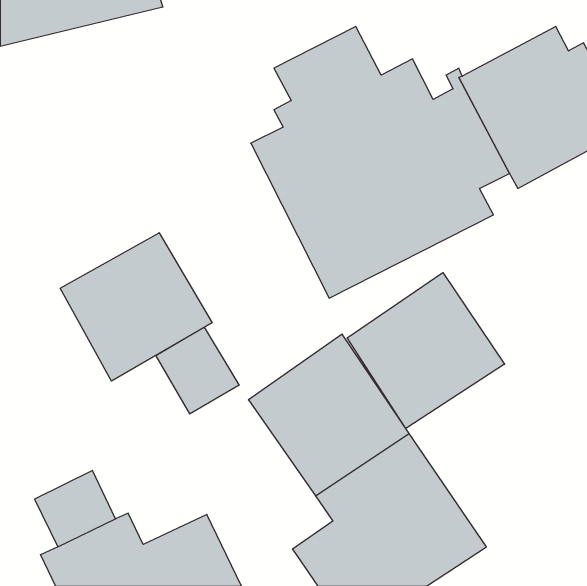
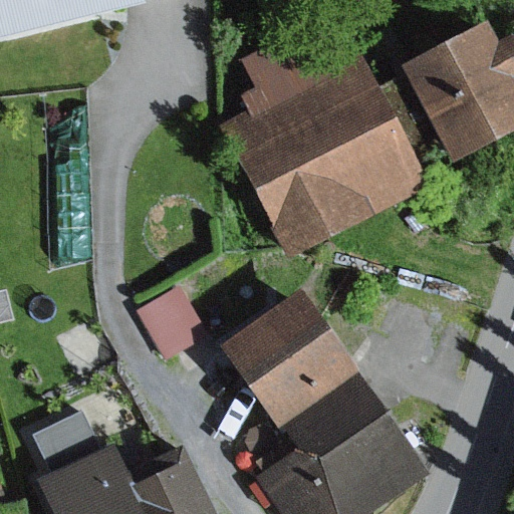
building: [60,233,212,381] -> none
building: [347,273,505,428] -> none

